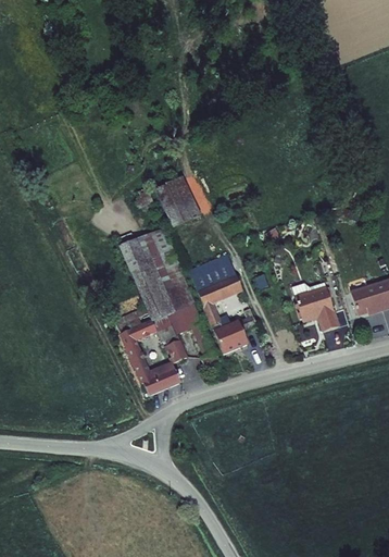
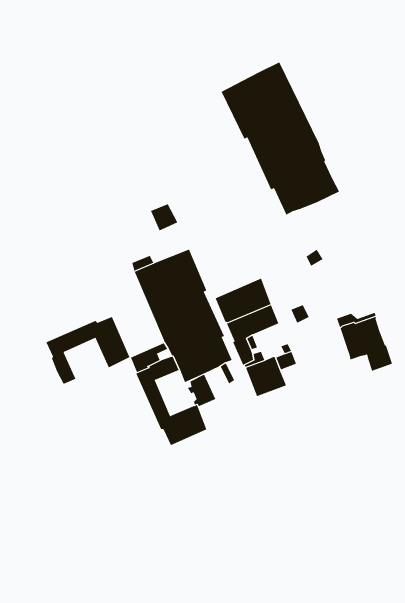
building: none -> [221,62,340,215]
building: [154,176,203,228] -> none
building: none -> [45,316,130,385]

